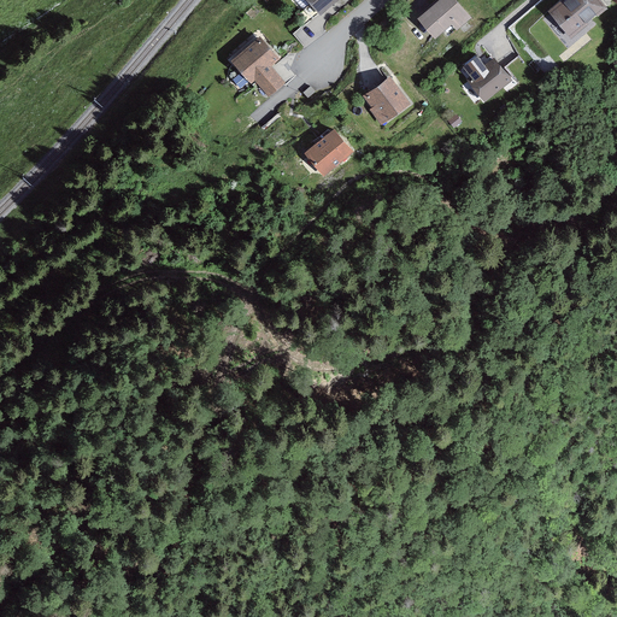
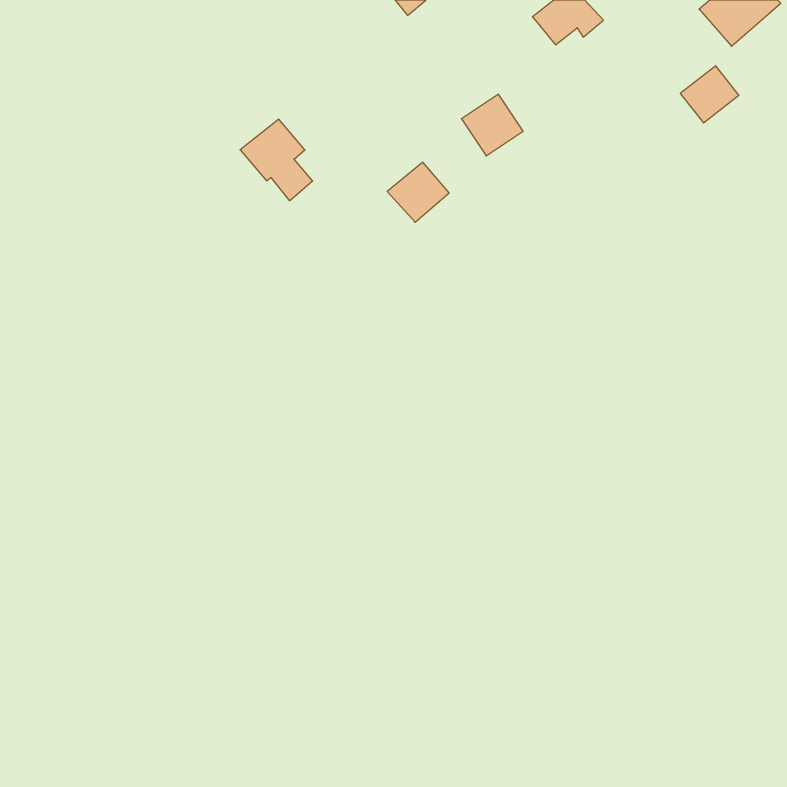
building: [229,34,286,98] -> [240,119,313,201]
building: [465,55,511,100] -> [680,66,739,123]

